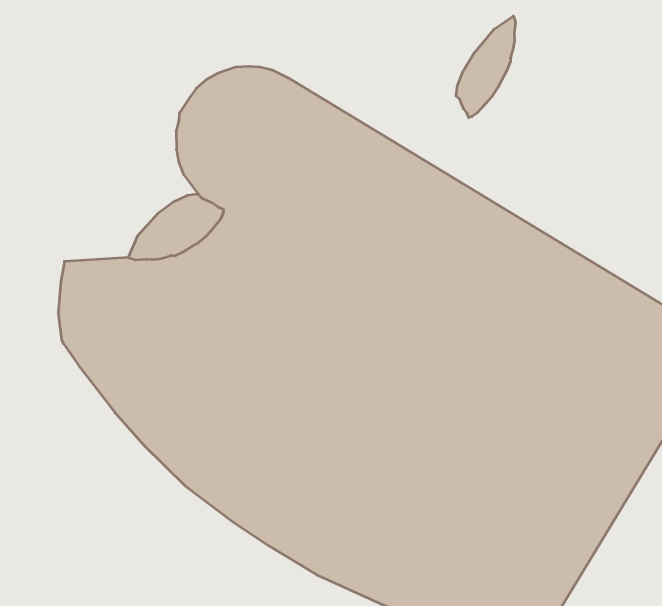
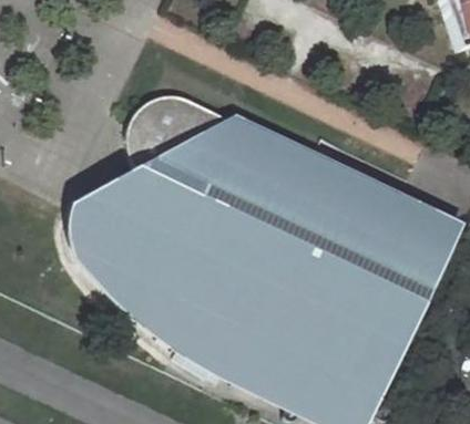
building: [456,16,515,118] -> none

